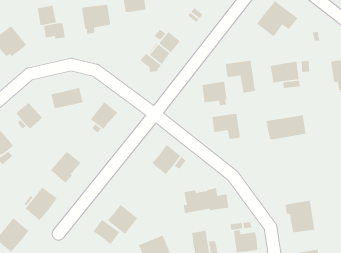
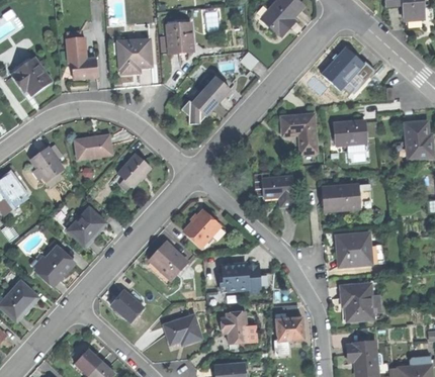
building: [201,81,227,106] -> none
building: none -> [334,233,375,266]
building: [107,204,138,235] -> [151,241,187,277]

